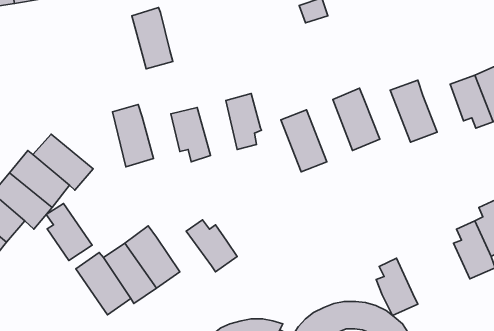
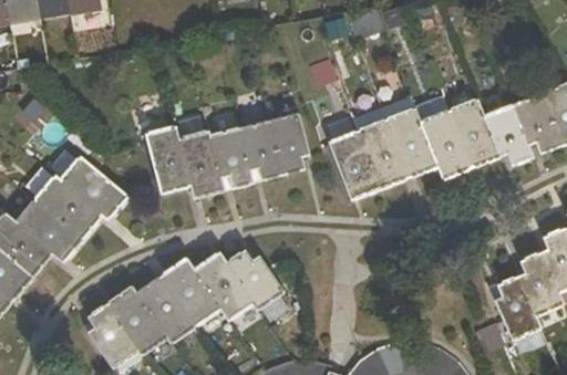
building: [132,8,173,69] -> [179,131,224,197]
building: none -> [484,104,534,164]
building: none -> [421,111,471,178]
building: none -> [358,121,408,188]
building: none -> [239,122,282,180]
building: [46,203,92,261] -> [89,304,138,366]
building: none -> [195,252,255,320]
building: [376,258,418,315] -> [495,277,540,338]

